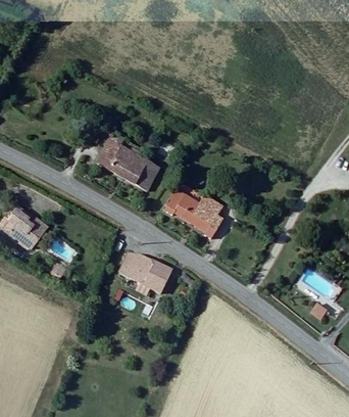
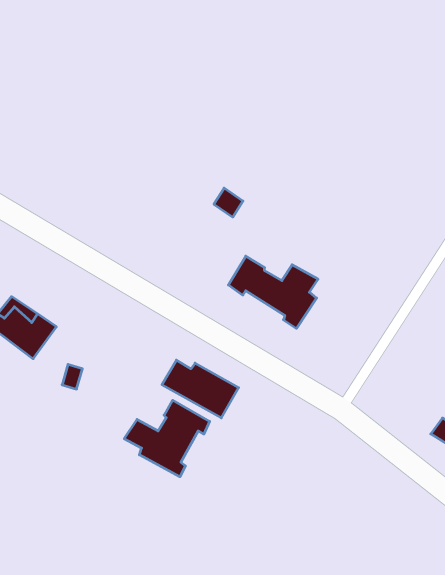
building: [103,138,159,185] -> none
building: none -> [124,400,210,477]

